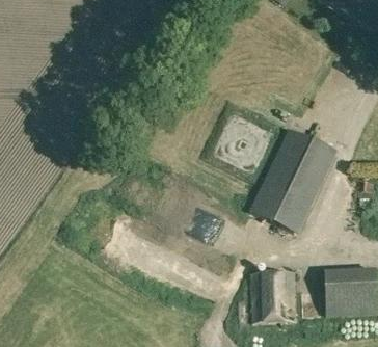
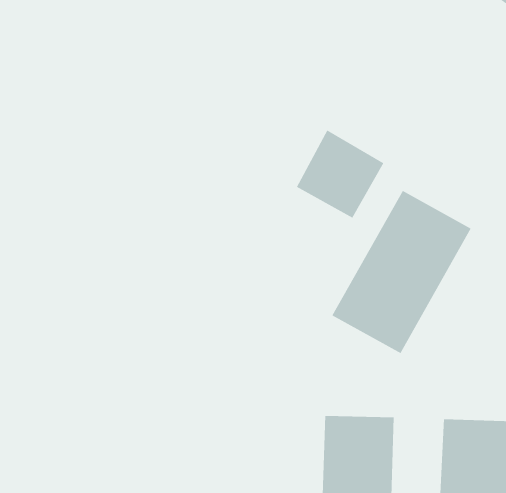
building: none -> [296,130,384,219]

